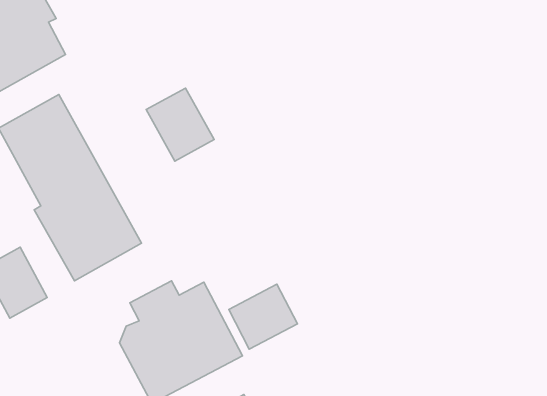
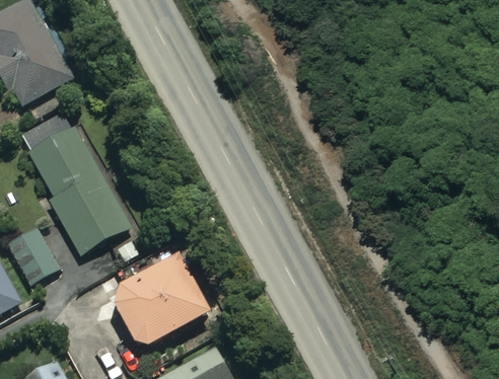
building: [146,88,214,161] -> none
building: [229,284,297,349] -> none

